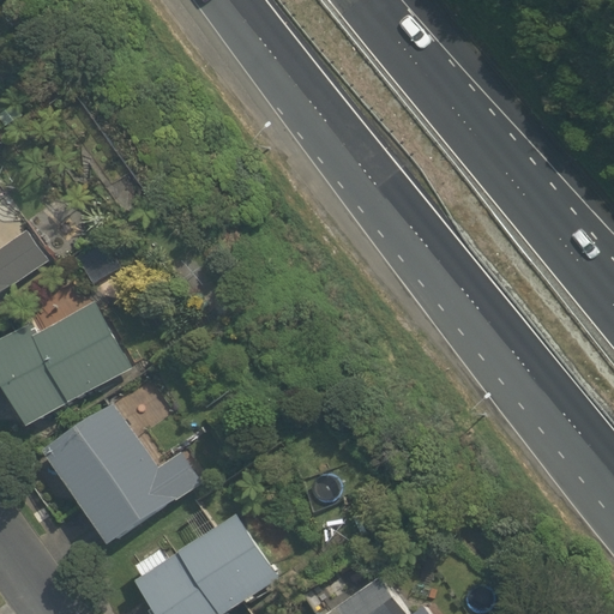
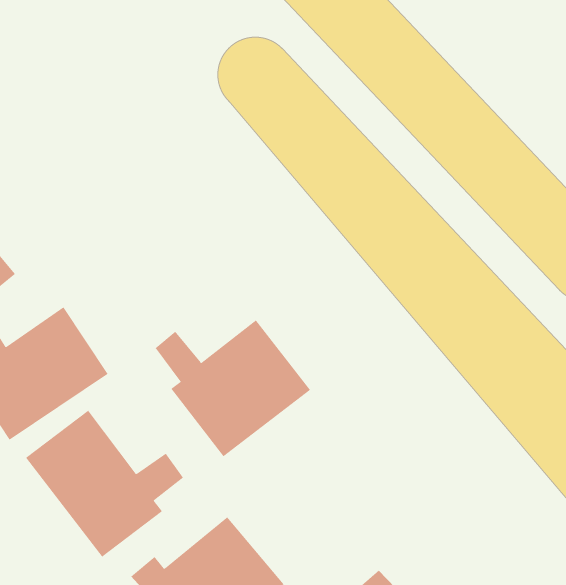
building: none -> [155,319,311,457]

